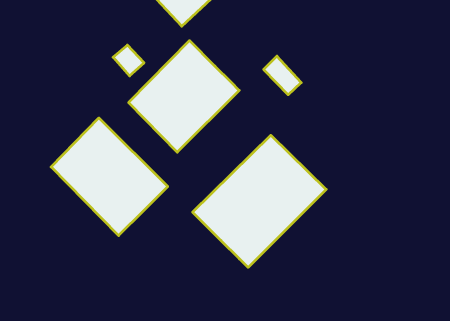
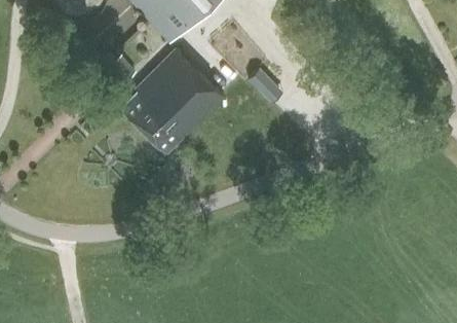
building: [51,118,168,236] -> none
building: [193,135,326,267] -> none

